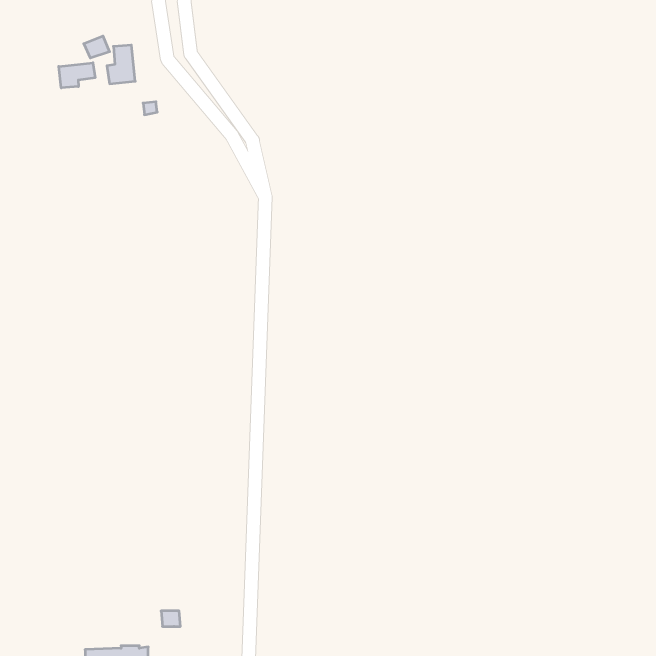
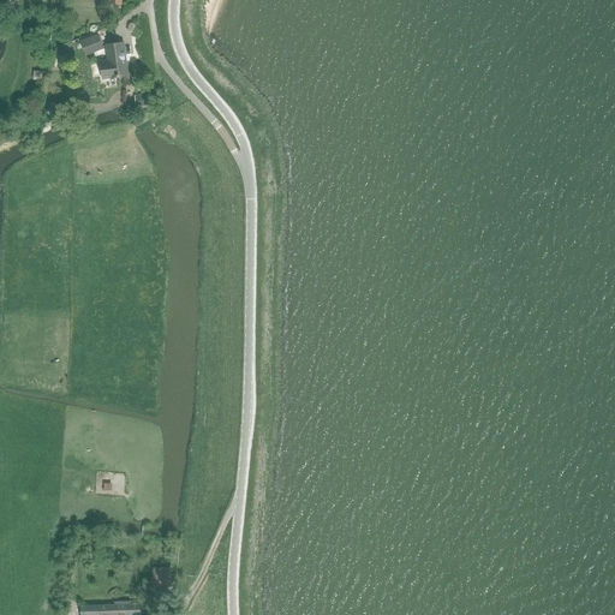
building: [59,63,95,88] -> none

